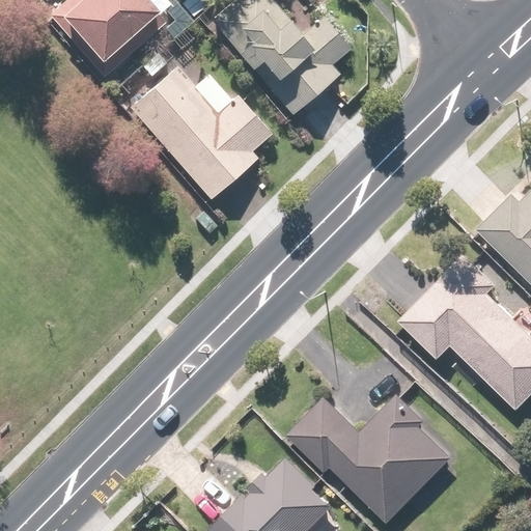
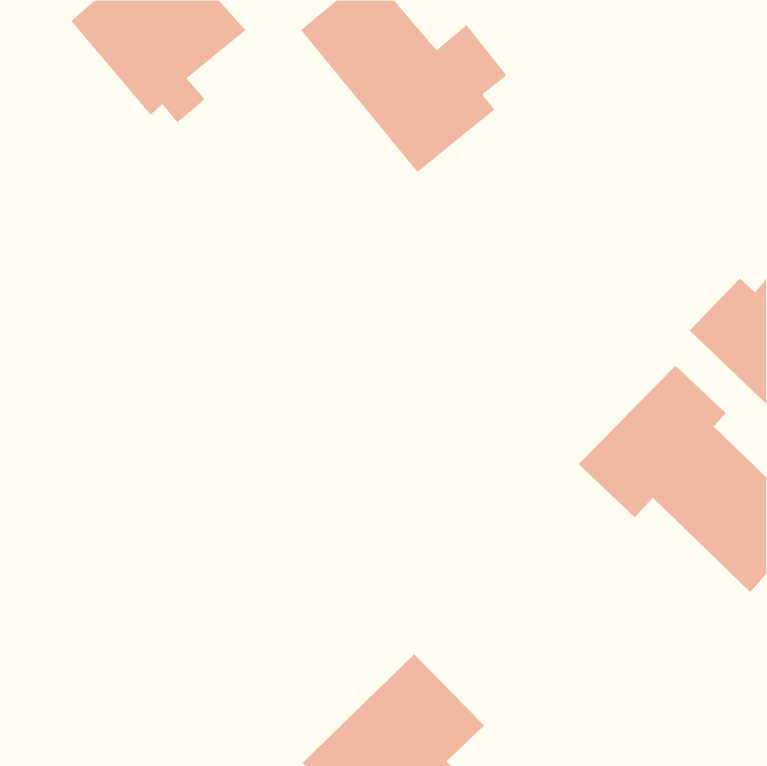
building: [127,68,273,204] -> none
building: [285,394,454,523] -> none

